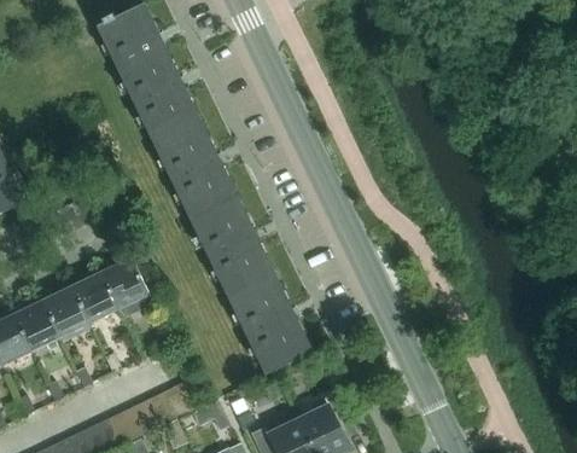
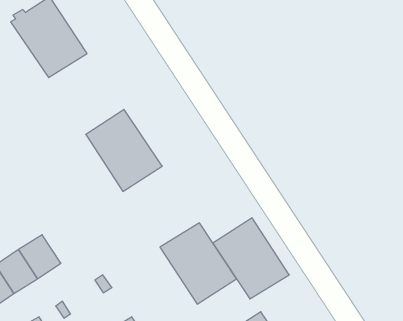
building: [130,74,211,165] -> none
building: [198,213,280,304] -> [213,218,289,299]
building: [100,259,148,308] -> none

